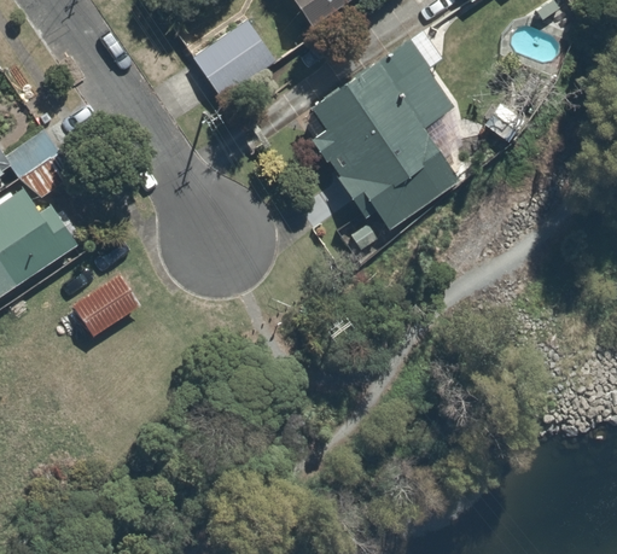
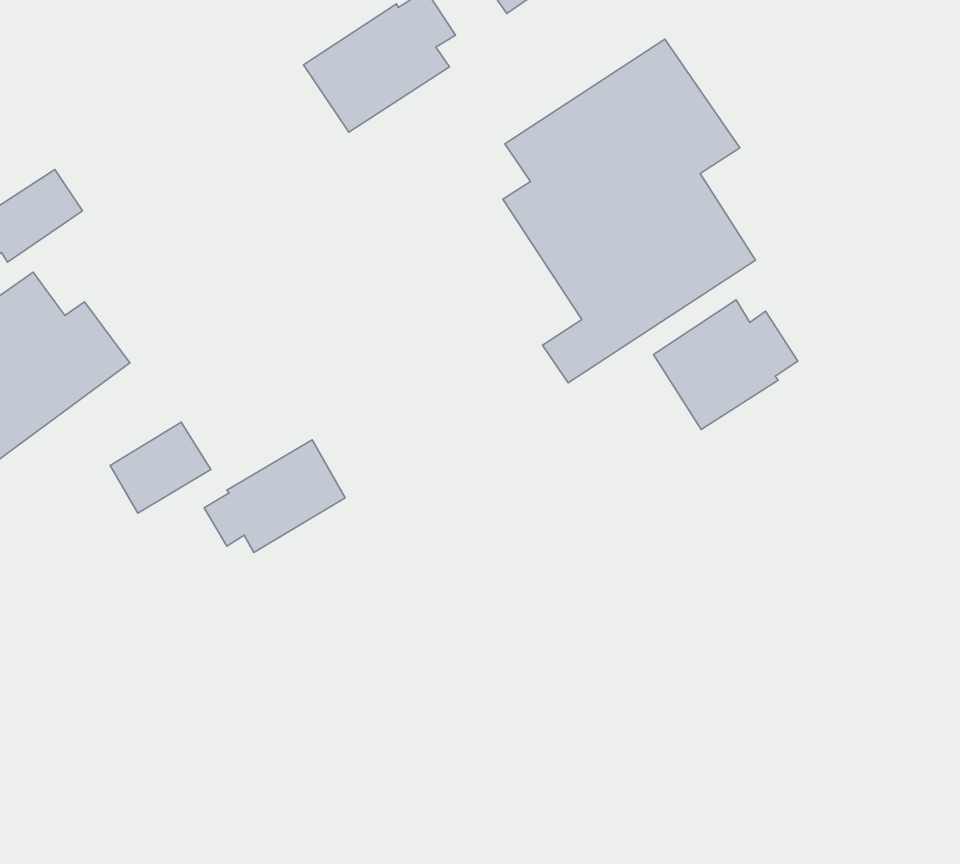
building: none -> [653,300,798,430]
building: none -> [204,440,345,553]

